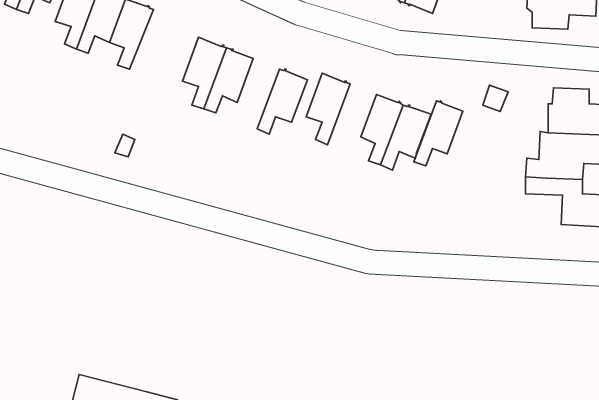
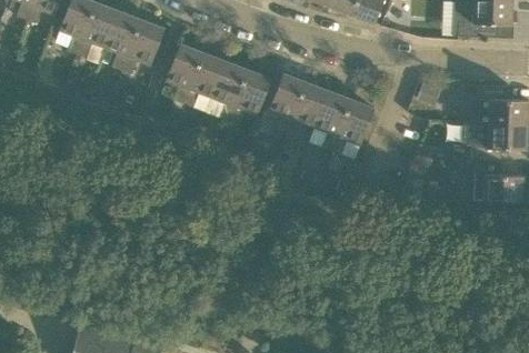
building: none -> [122,20,164,74]
building: none -> [212,61,248,120]
building: [414,101,463,166] -> [288,82,329,137]

